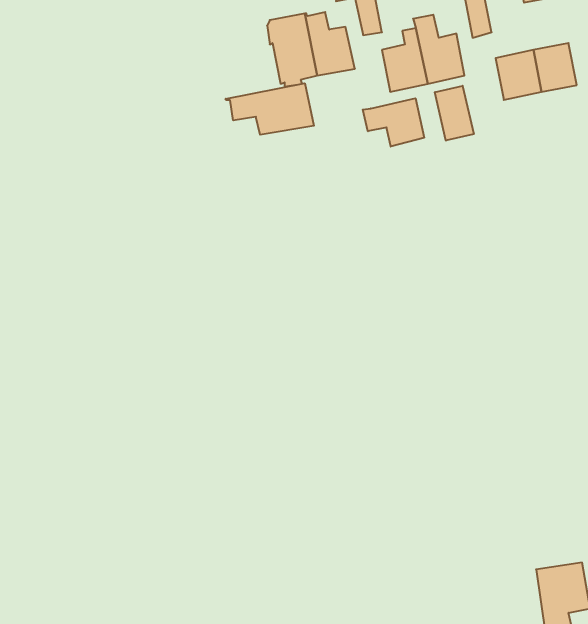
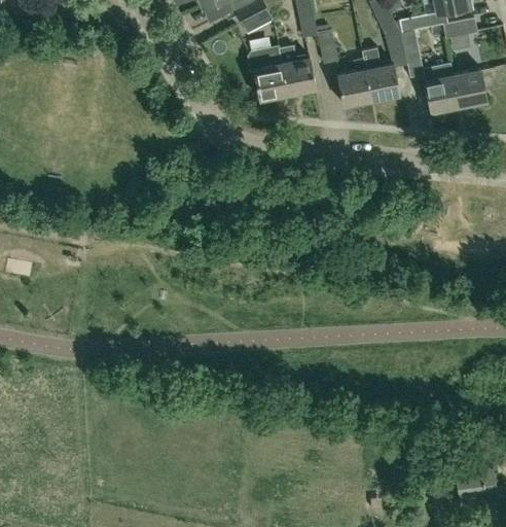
building: [226,83,314,135] -> none
building: [435,86,474,141] -> none
building: [363,98,424,147] -> none

